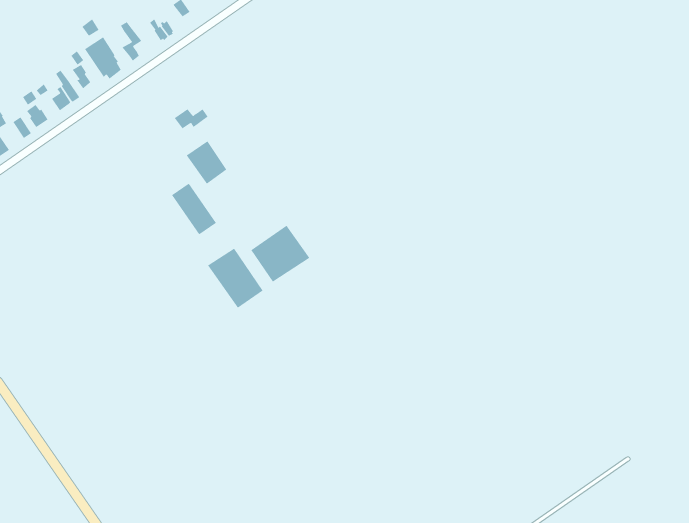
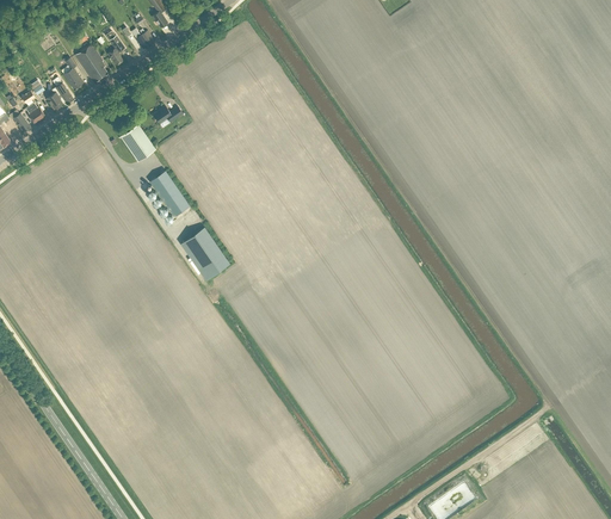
building: [186,140,227,185] -> [119,124,155,162]
building: [250,225,310,282] -> none

